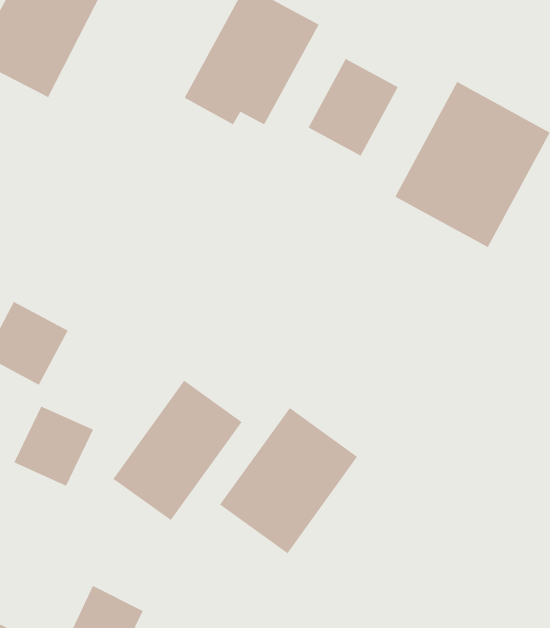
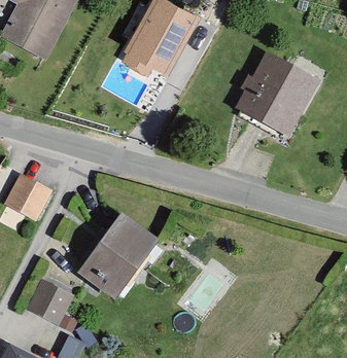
building: [308,58,398,157] -> none
building: [13,406,94,486] -> [26,279,71,324]
building: [219,407,358,554] -> none

